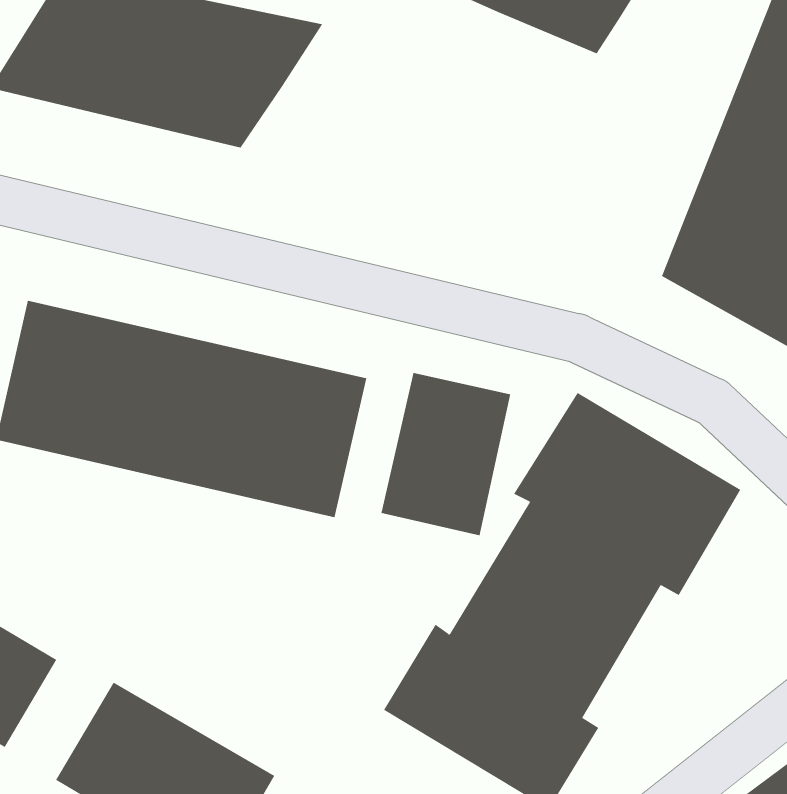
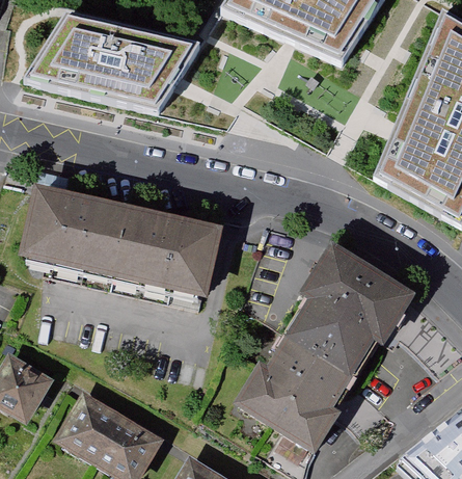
building: [381,372,511,536] -> none

